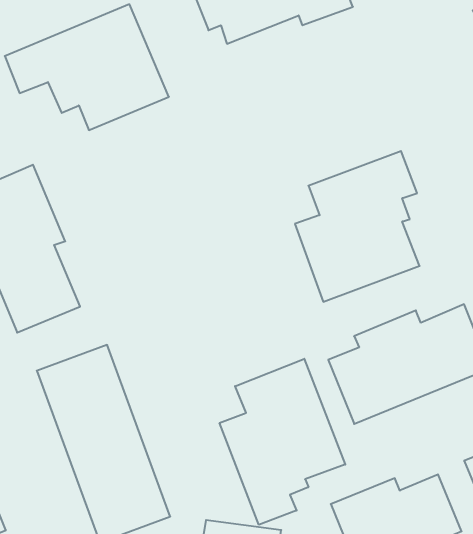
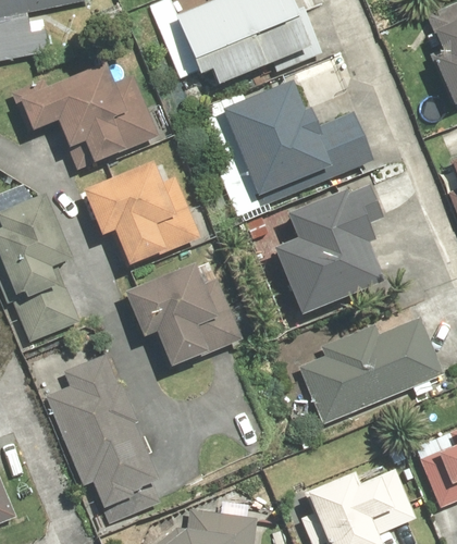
building: none -> [219,82,373,207]
building: none -> [81,162,201,268]
building: none -> [124,258,243,373]
building: [220,359,345,525] -> none

